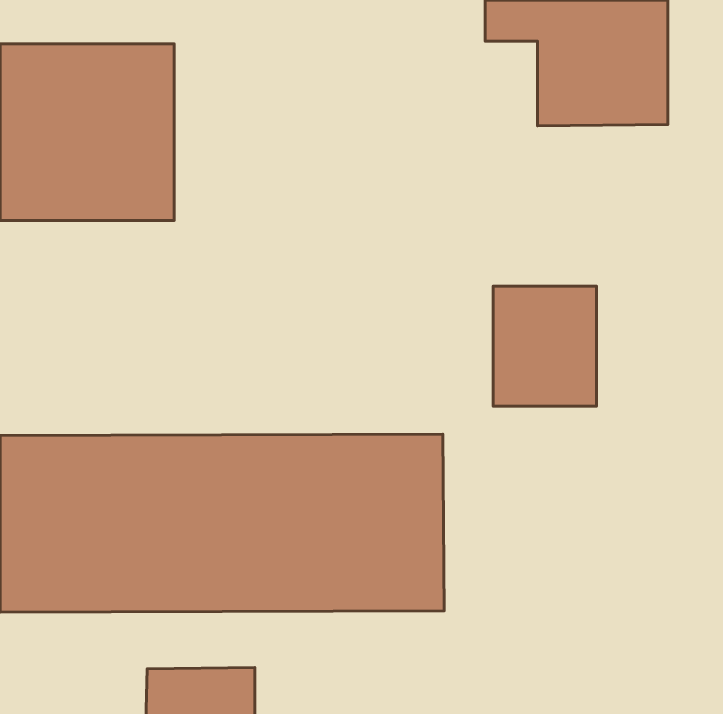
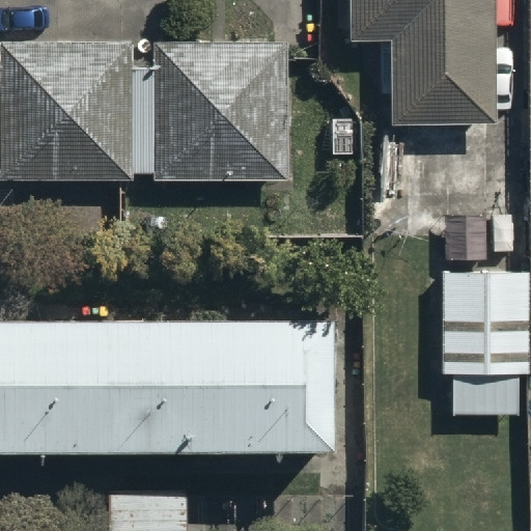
building: none -> [158,40,283,178]
building: [493,286,596,406] -> [447,274,523,362]

